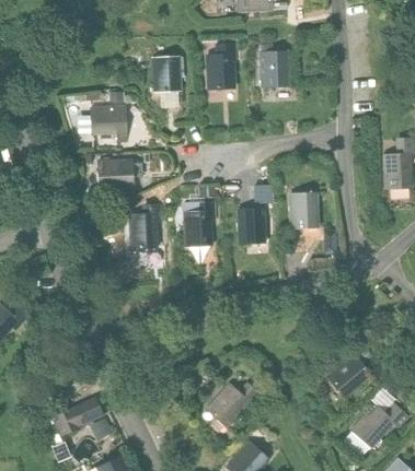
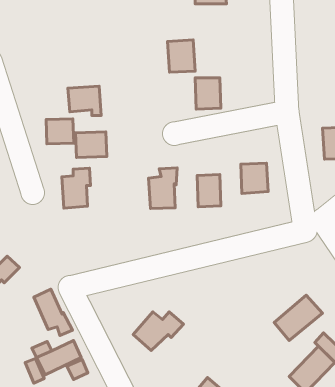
building: [258,49,288,85] -> [195,78,221,109]
building: [151,54,180,91] -> none
building: none -> [46,119,74,144]
building: [127,201,160,247] -> [62,168,90,208]
building: none -> [34,289,72,335]
building: [205,381,263,426] -> [133,312,183,351]

